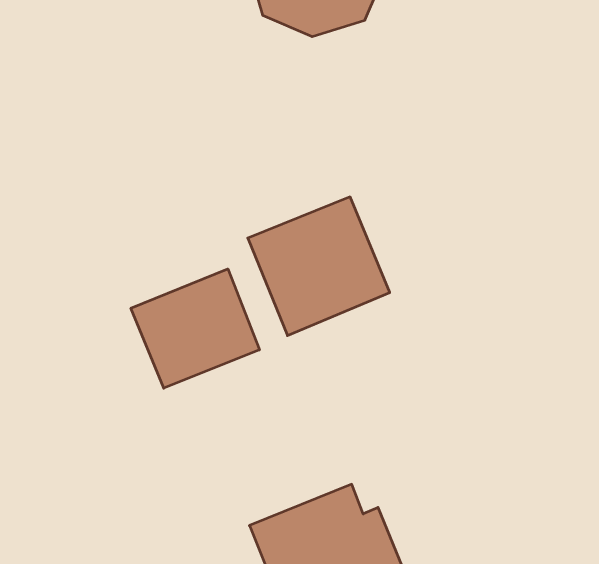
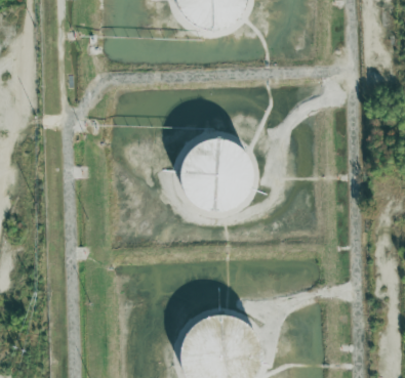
building: [131,269,259,388] -> none

